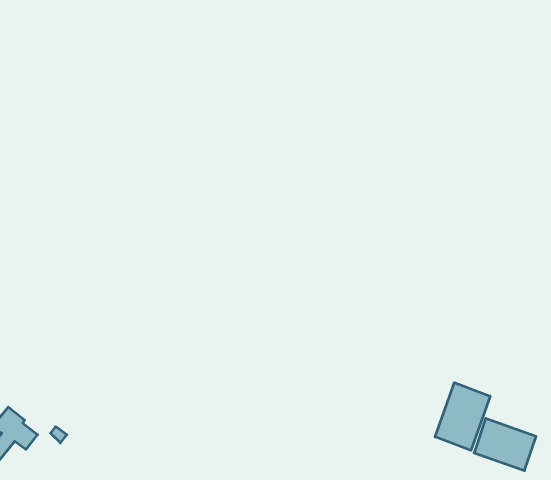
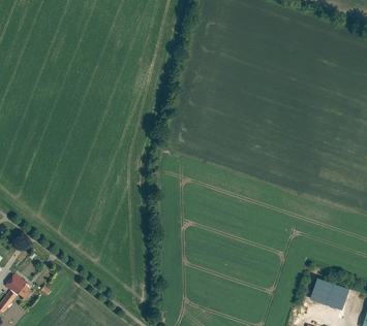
building: [435,383,490,450] -> none

